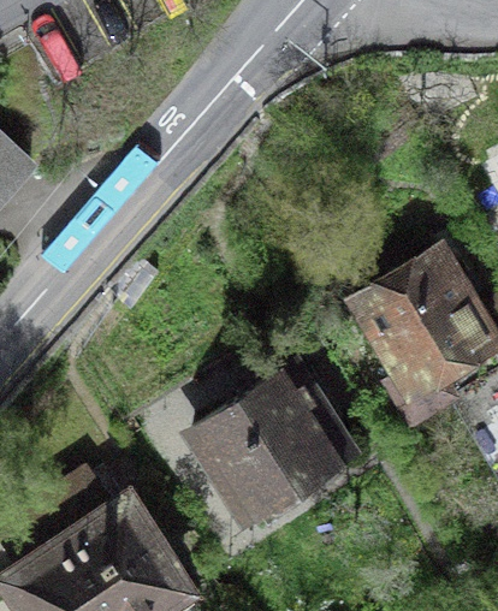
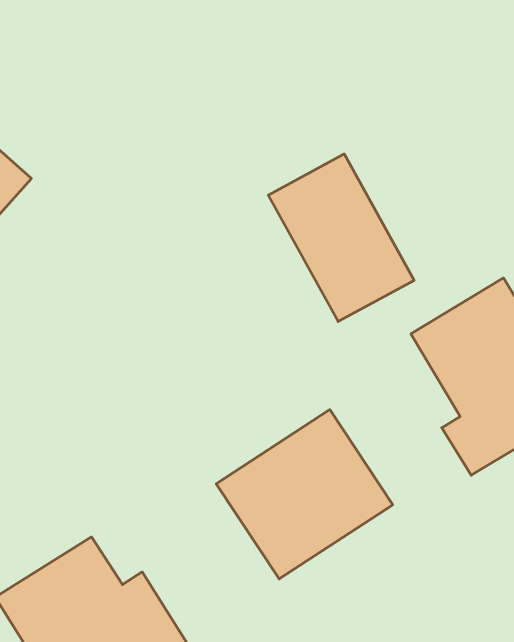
building: none -> [268,154,414,322]

